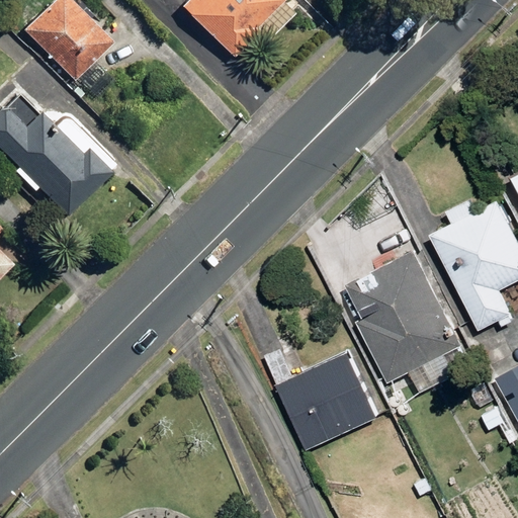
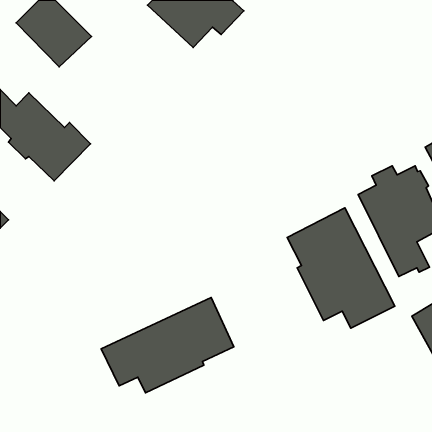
building: [275,350,377,449] -> none
building: none -> [101,298,234,393]

